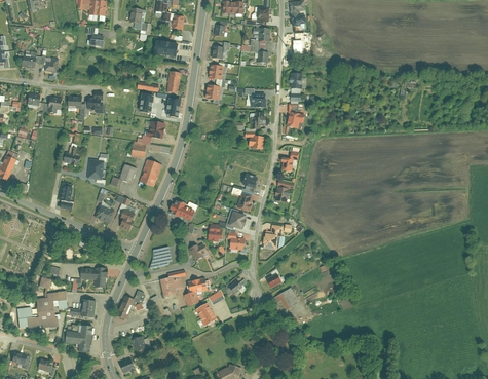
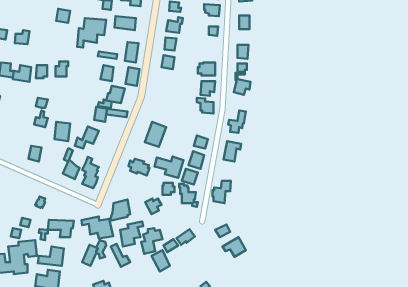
building: none -> [77,18,106,48]
building: [139,159,162,187] -> [145,122,166,147]
building: none -> [155,156,184,178]
building: none -> [81,217,113,238]

